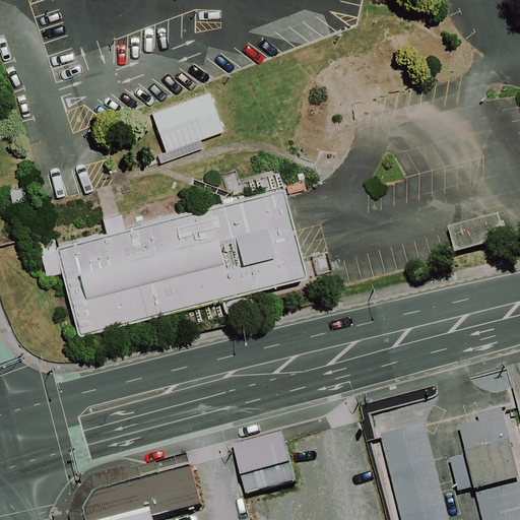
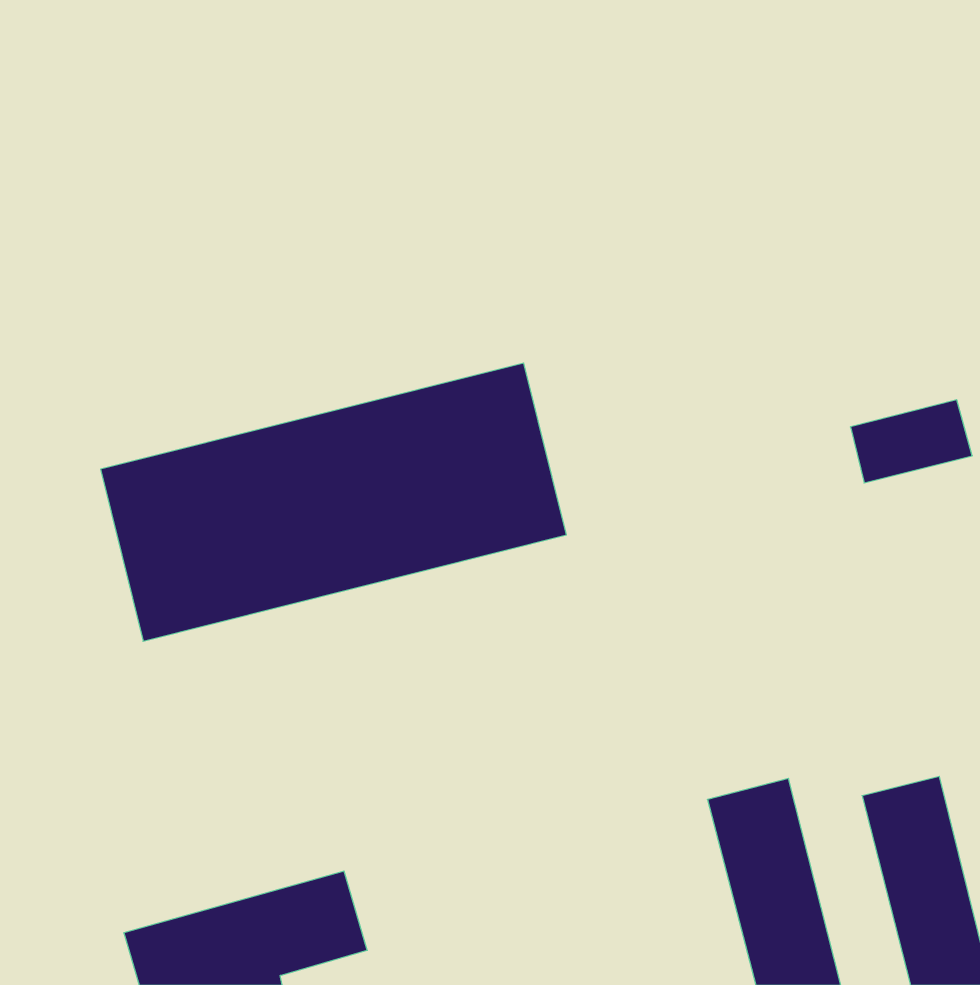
building: [157,91,230,149] -> none
building: [239,431,303,494] -> none

